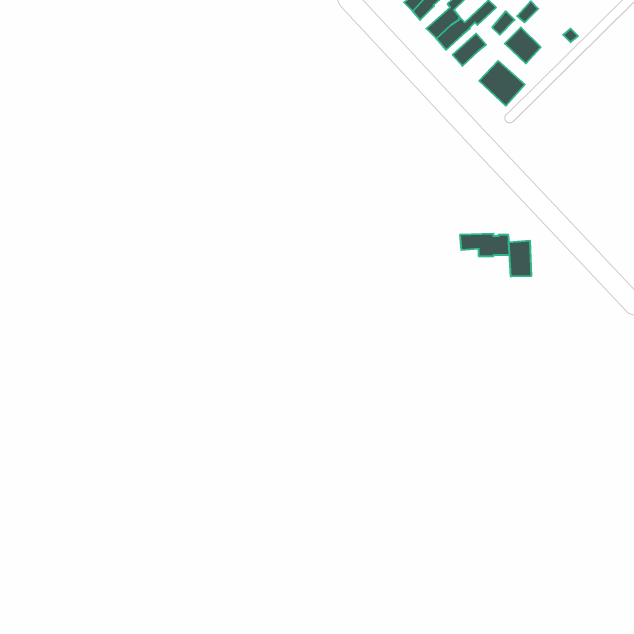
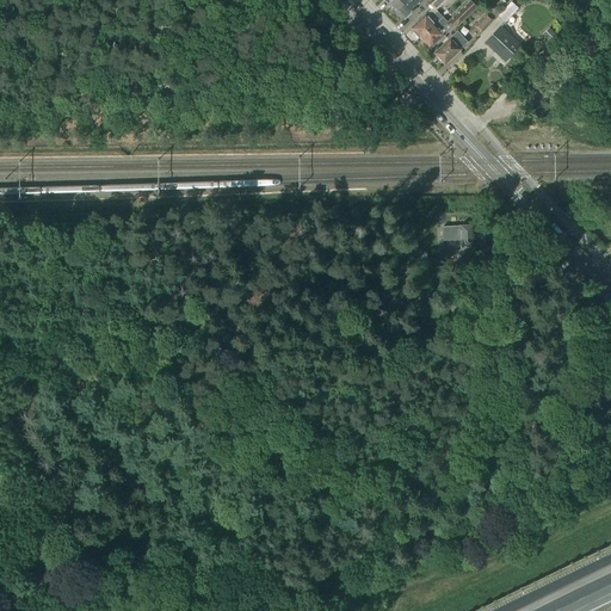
building: [479,61,525,106] -> none
building: [509,241,531,277] -> none

